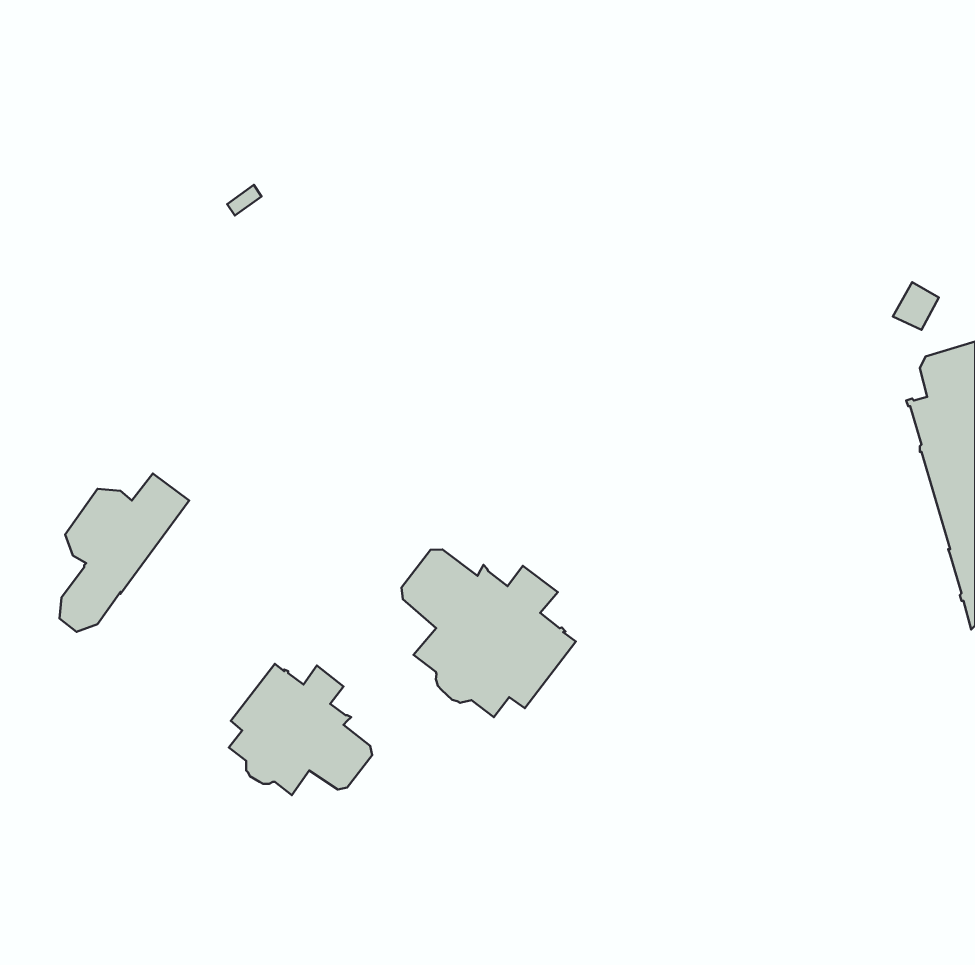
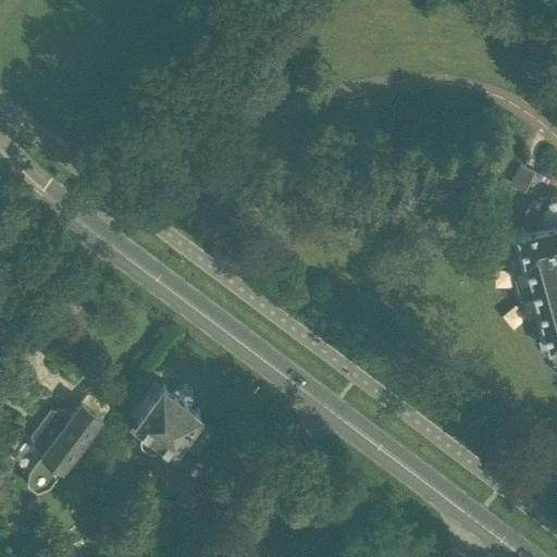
building: [59,474,189,632] -> [28,405,102,495]
building: [401,549,576,717] -> none

